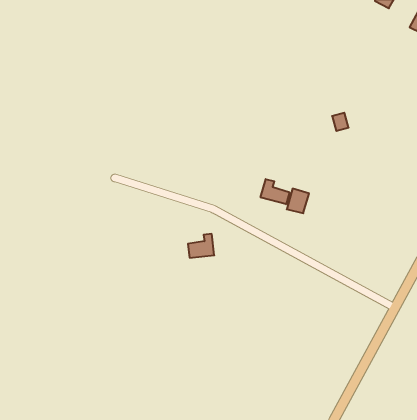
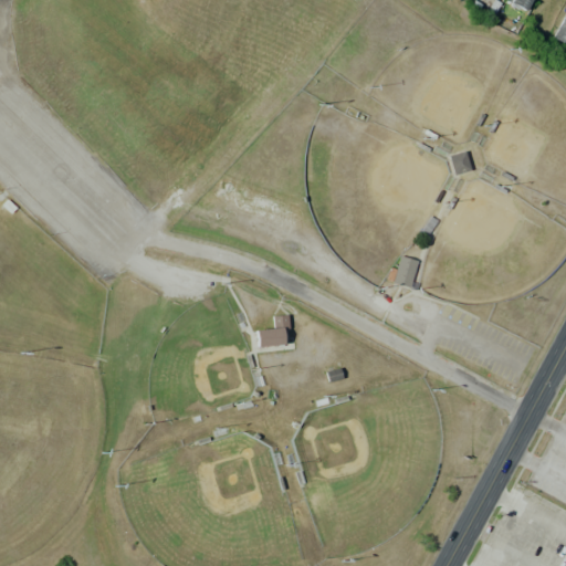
building: [261,179,289,204] -> none

